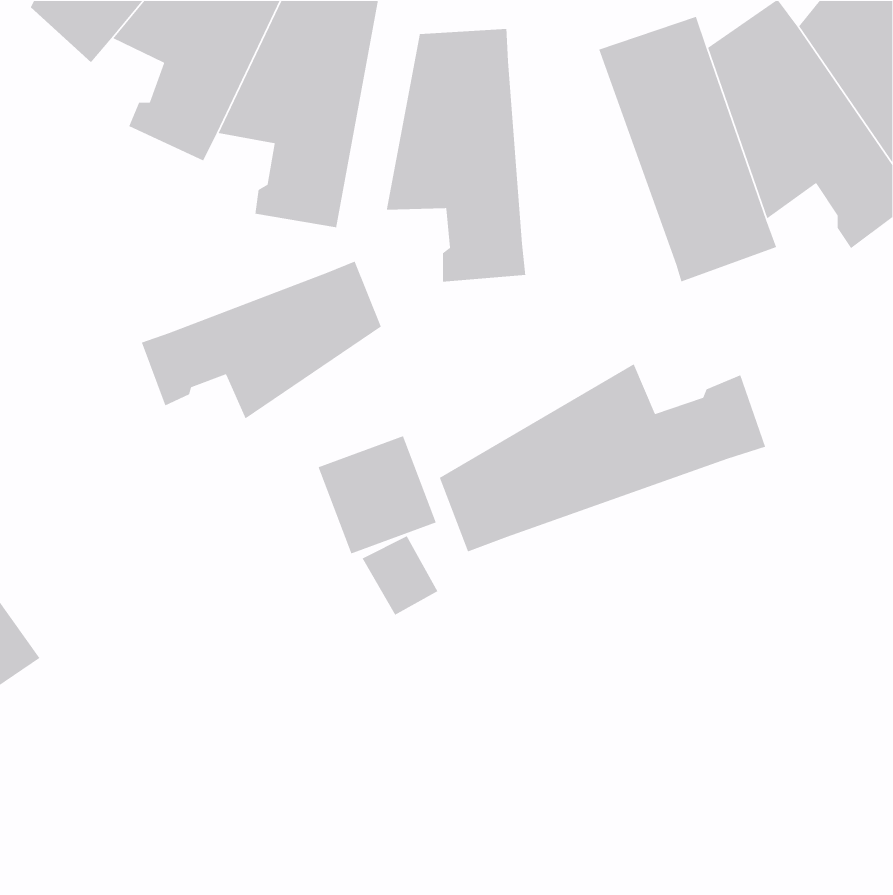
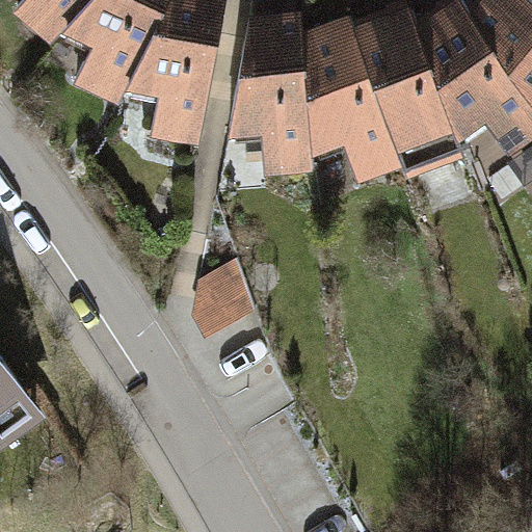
building: none -> [301,20,400,176]
building: [141,261,382,420] -> none
building: [439,363,766,553] -> none

